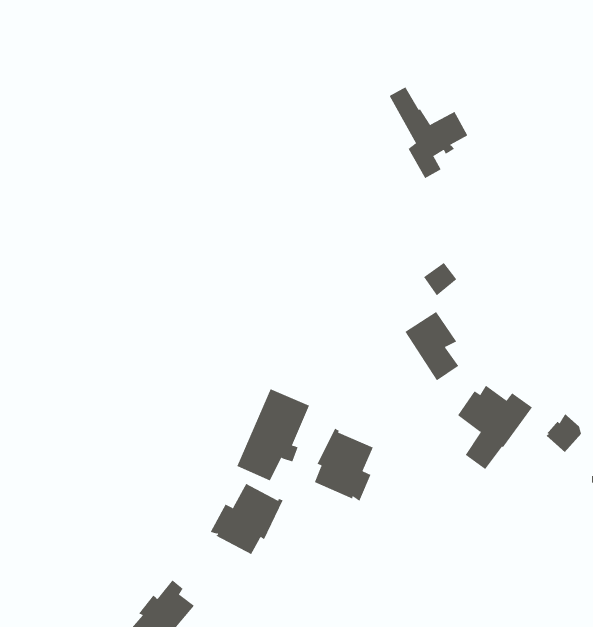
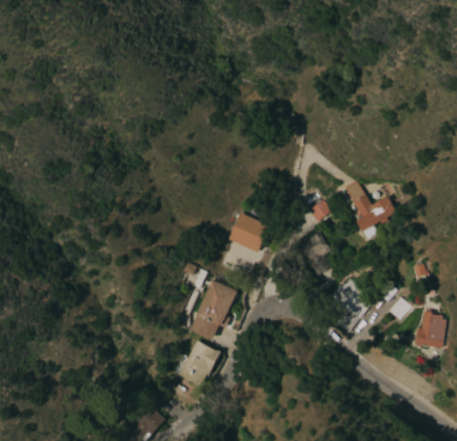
building: [389,86,468,179] -> [345,181,396,240]
building: none -> [228,213,269,252]
building: [314,428,373,502] -> none

